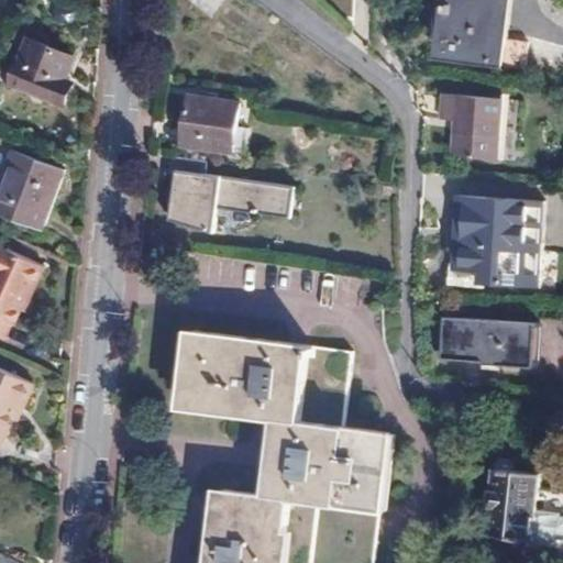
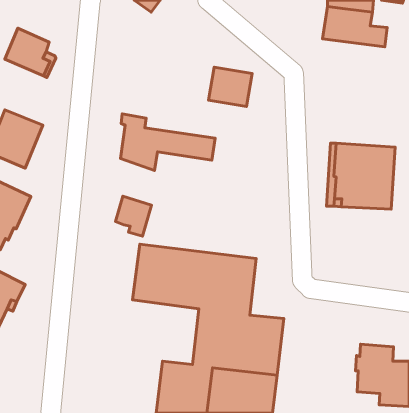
building: [179,96,239,150] -> [209,67,252,107]
building: [437,96,498,161] -> none
building: none -> [115,196,151,236]
building: [438,317,529,373] -> none

